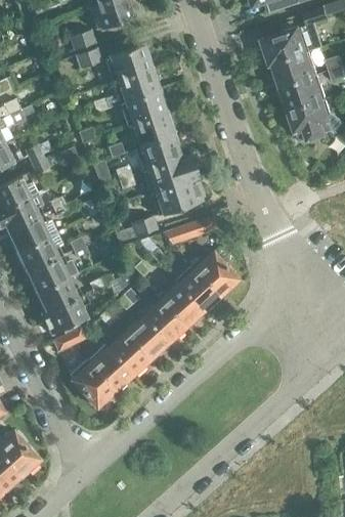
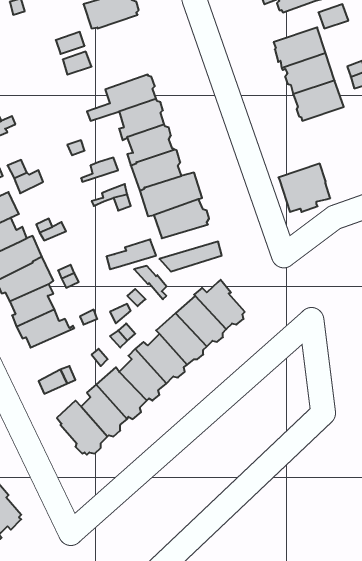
building: [105,45,150,82] -> none
building: [288,97,334,140] -> [278,164,330,212]
building: [43,294,90,334] -> none

